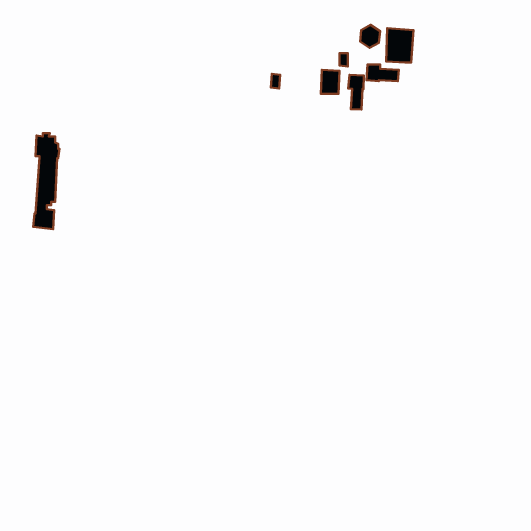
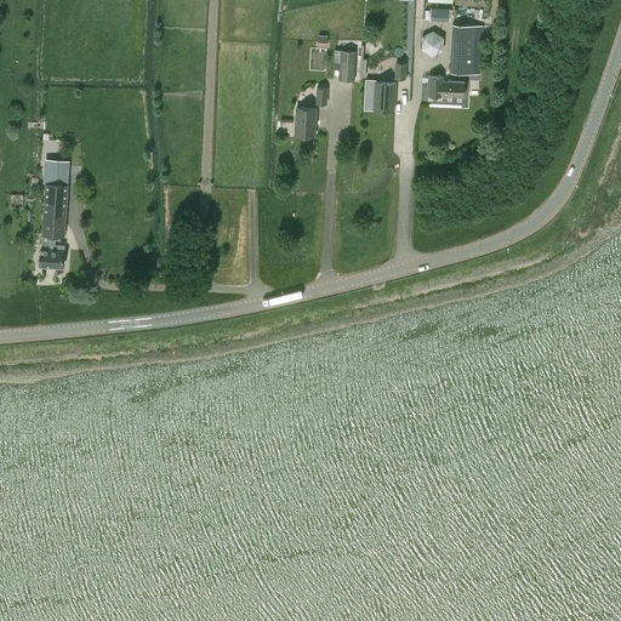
building: none -> [332,50,355,81]
building: [348,75,364,109] -> none
building: none -> [295,108,315,136]

